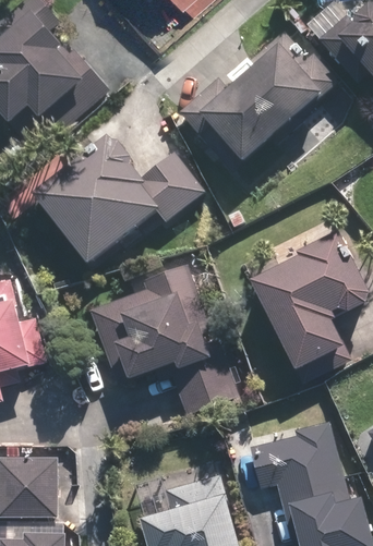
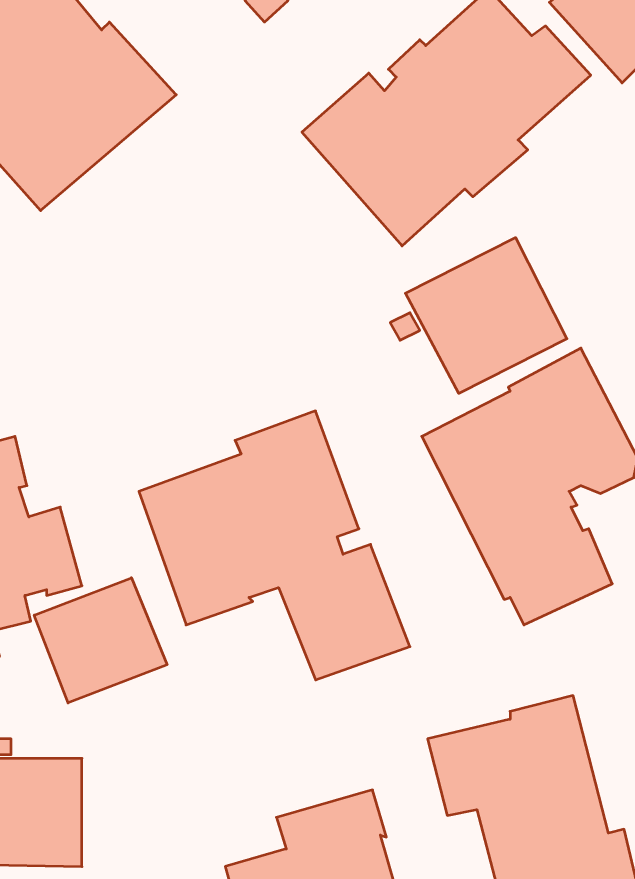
building: [27,134,205,265] -> none
building: none -> [405,238,567,393]
building: none -> [34,578,167,703]

